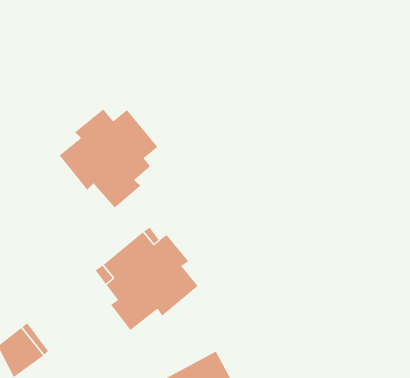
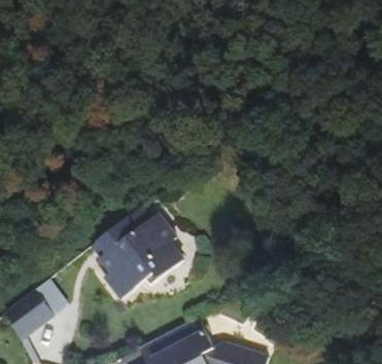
building: [59,108,158,209] -> none

